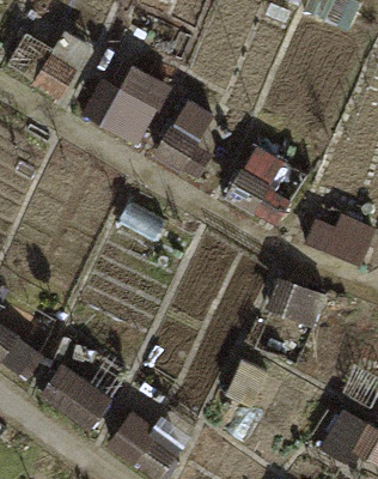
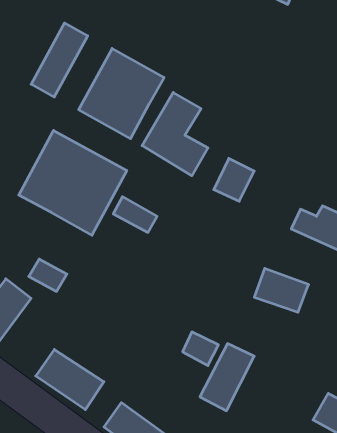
building: none -> [19,130,127,235]

